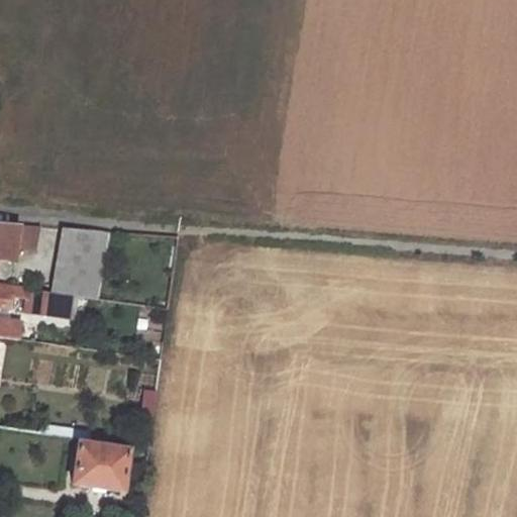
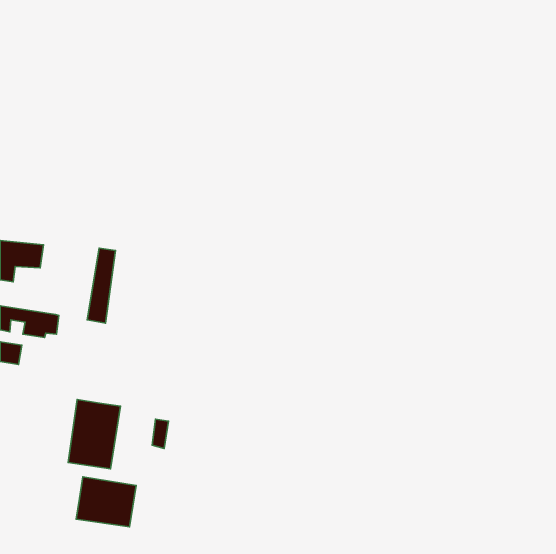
building: [51,228,92,297] -> none
building: none -> [68,400,121,469]

